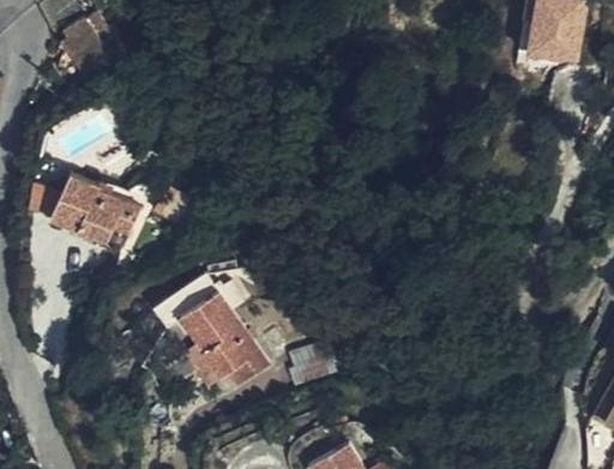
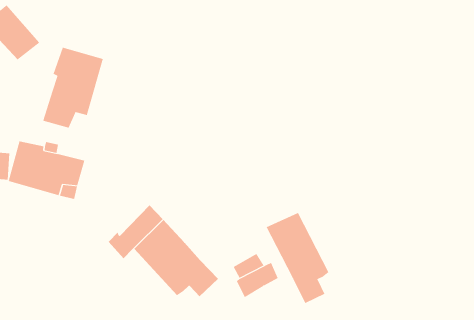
building: none -> [42,47,103,128]
building: none -> [266,212,329,304]

